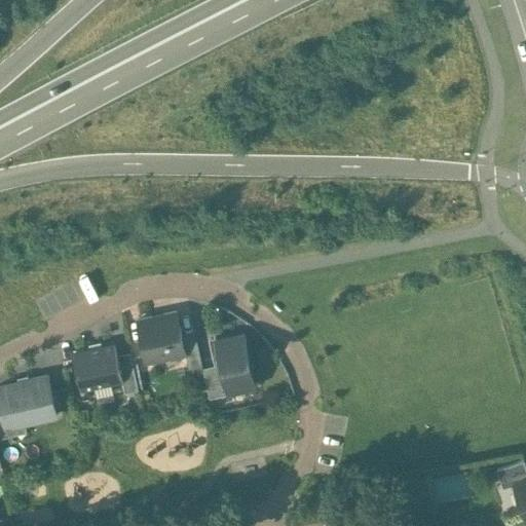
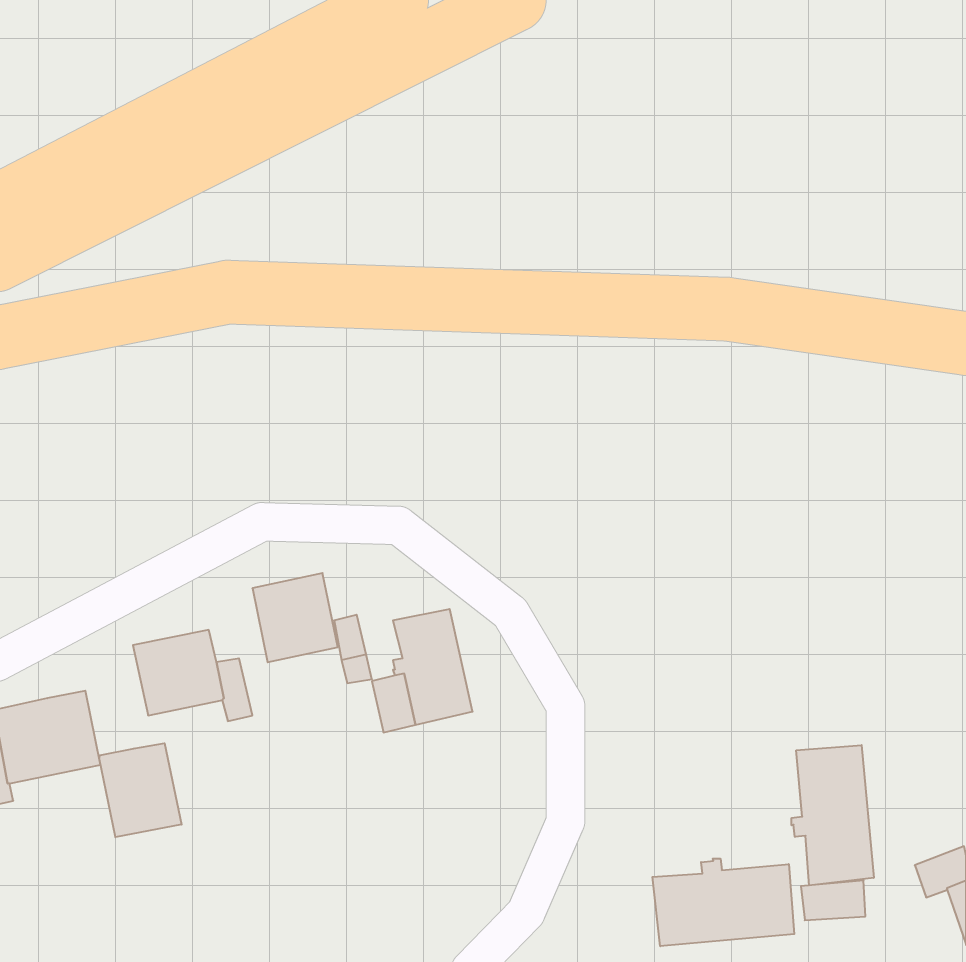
building: none -> [99,743,182,837]
building: none -> [792,745,874,885]
building: none -> [652,859,794,946]

